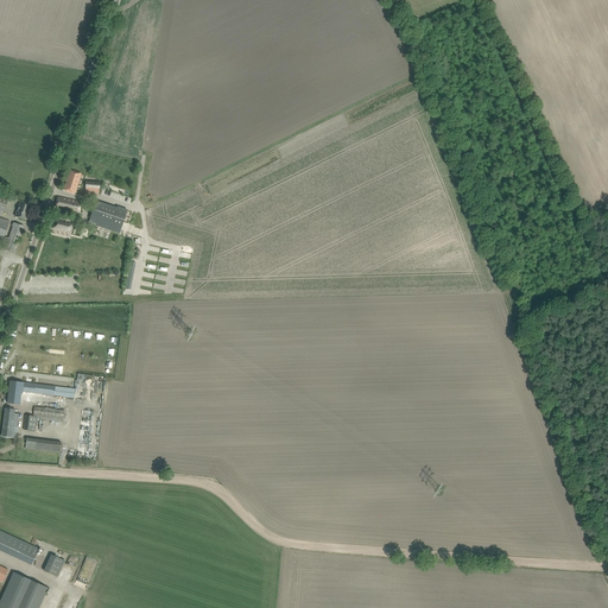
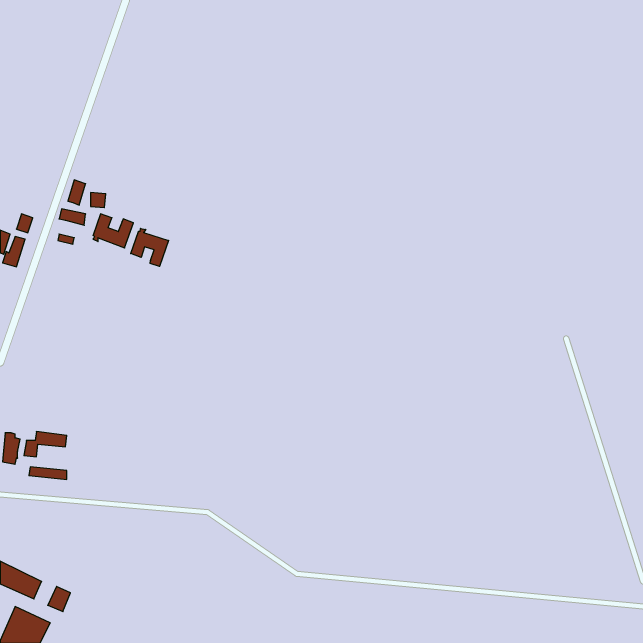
building: none -> [131,228,169,266]
building: [7,381,75,405] -> none

